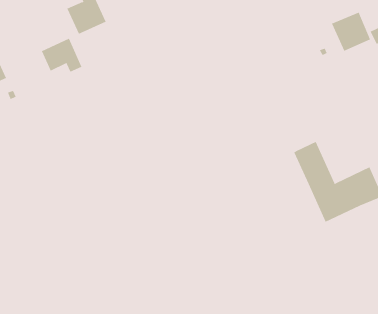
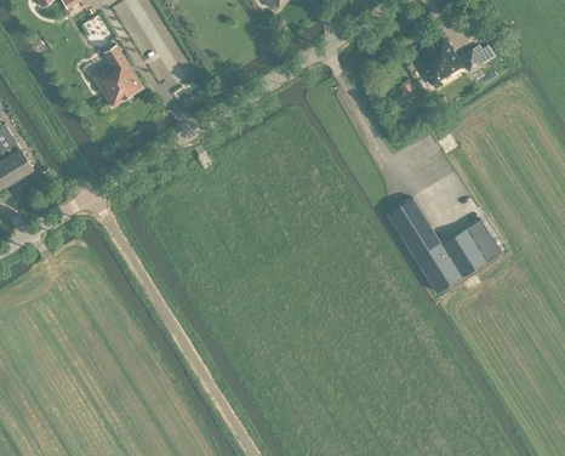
building: [41,38,82,72] -> none

